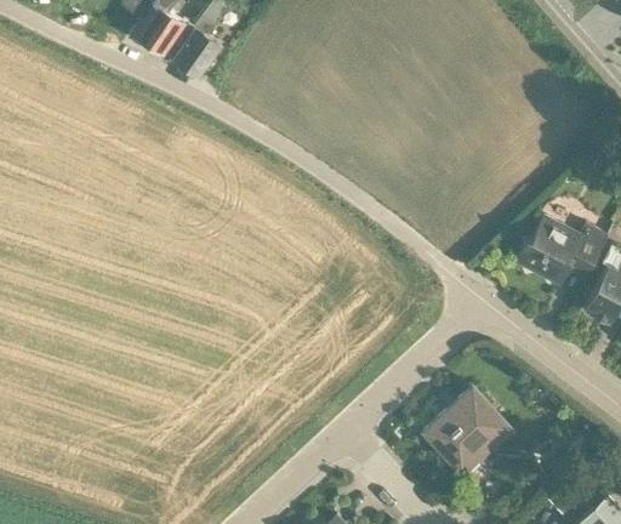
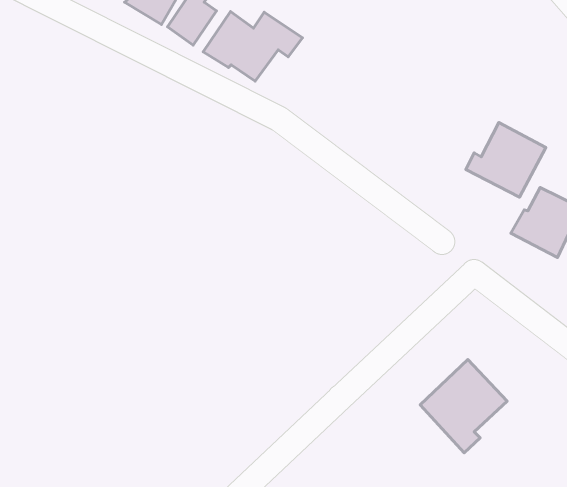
building: none -> [203,11,303,81]
building: none -> [466,123,546,197]

